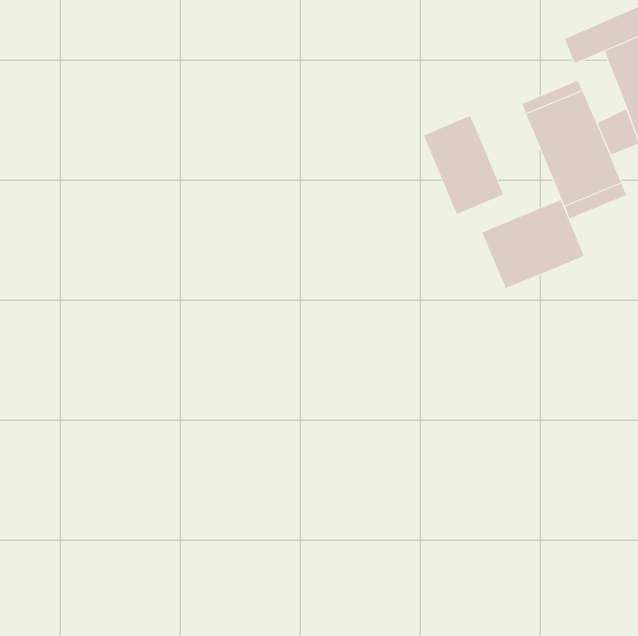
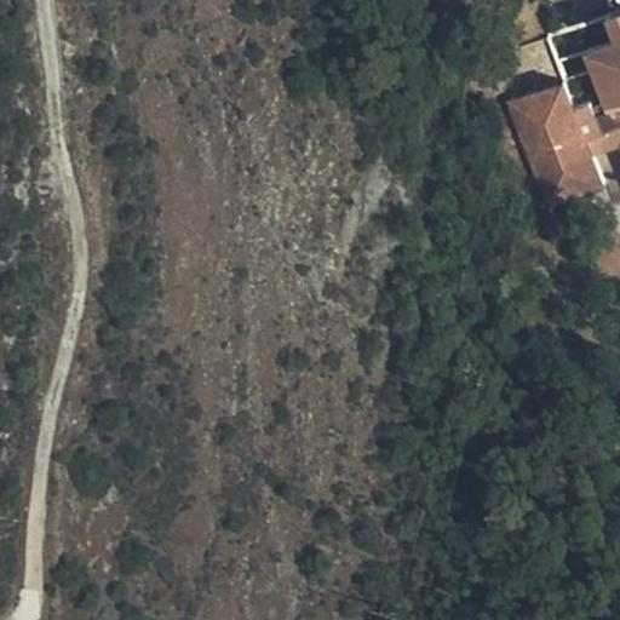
building: [423,115,504,215] -> none
building: [482,199,585,289] -> none

